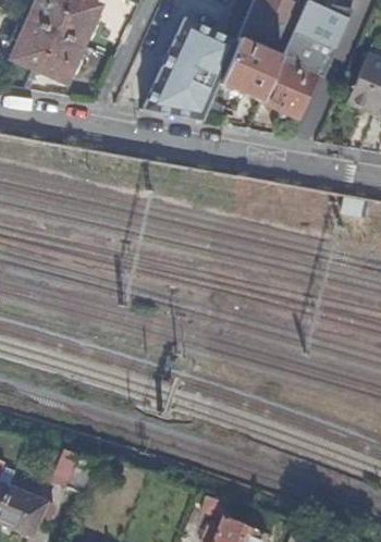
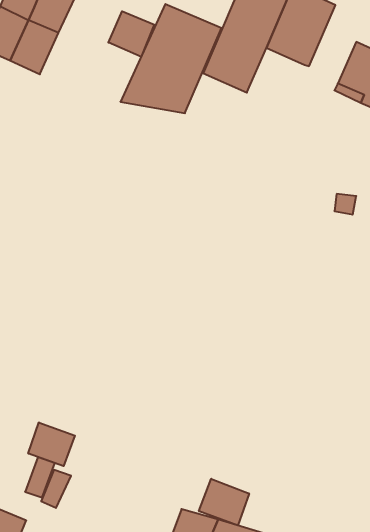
building: none -> [108,11,154,57]
building: [262,59,317,116] -> none
building: none -> [28,422,75,466]
building: none -> [199,479,249,525]

